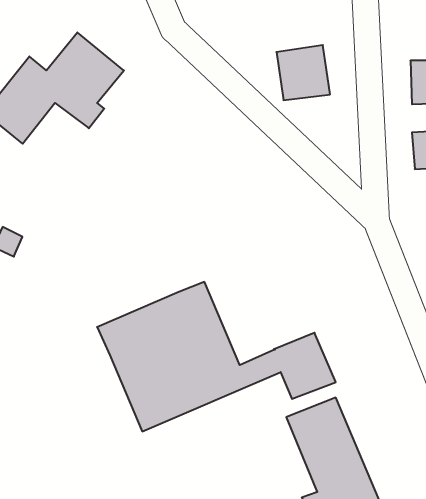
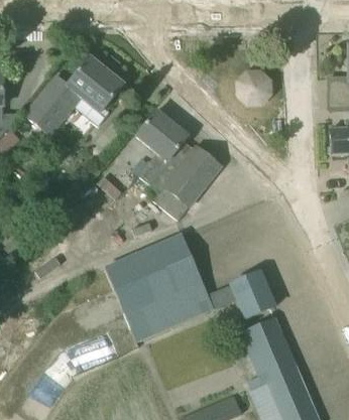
building: none -> [134,110,220,220]

